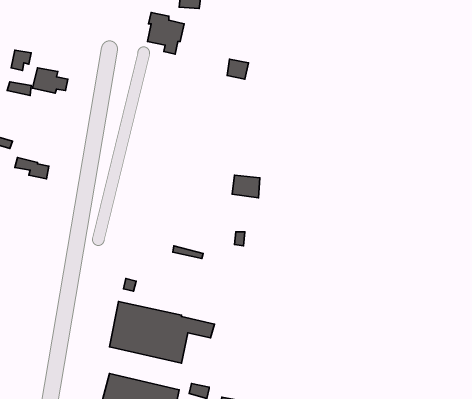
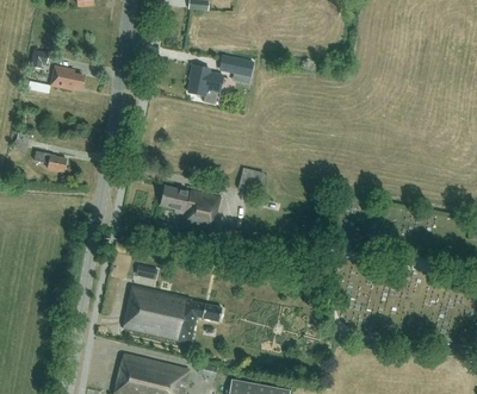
building: [147,12,184,54] -> [188,64,223,104]
building: none -> [160,185,221,232]

